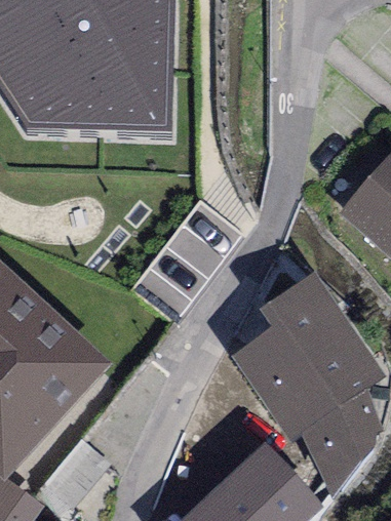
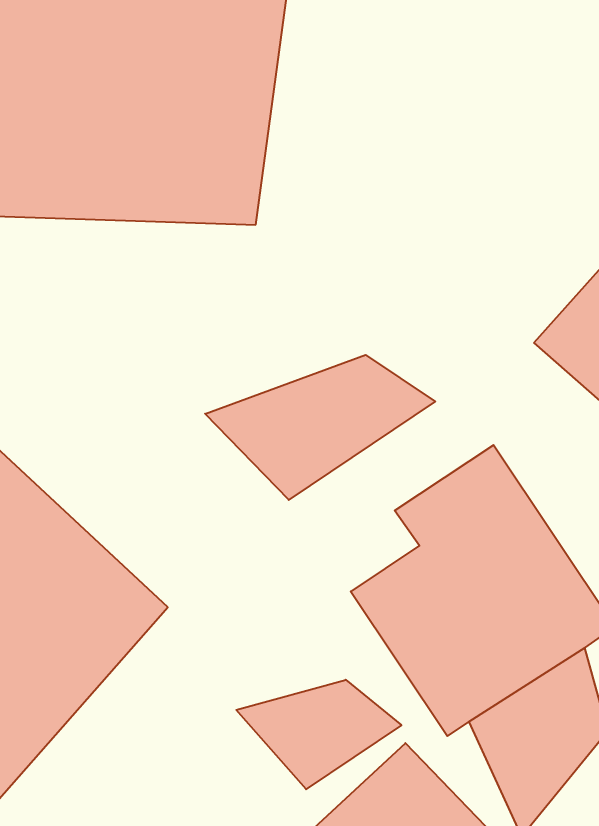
building: none -> [205,355,435,500]
building: none -> [236,680,401,789]

